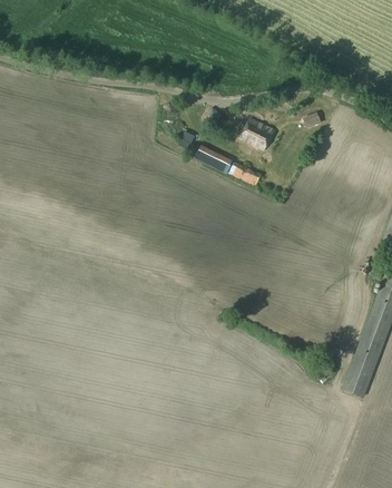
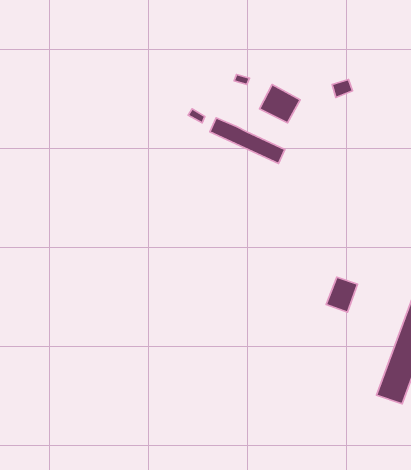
building: none -> [326,277,357,312]

